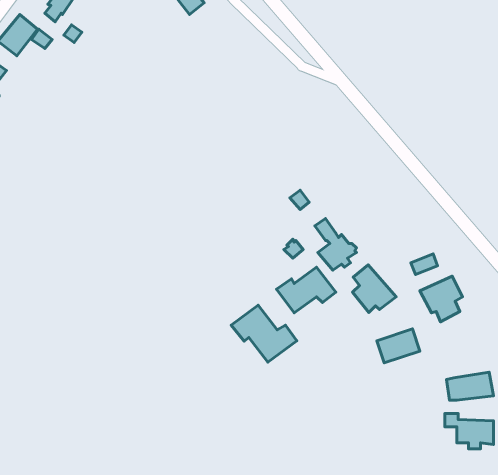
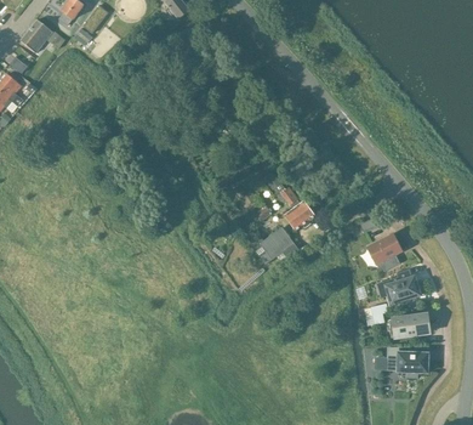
building: [353,265,396,312] -> none
building: [231,305,297,362] -> none
building: [377,329,420,363] -> [386,274,421,302]

